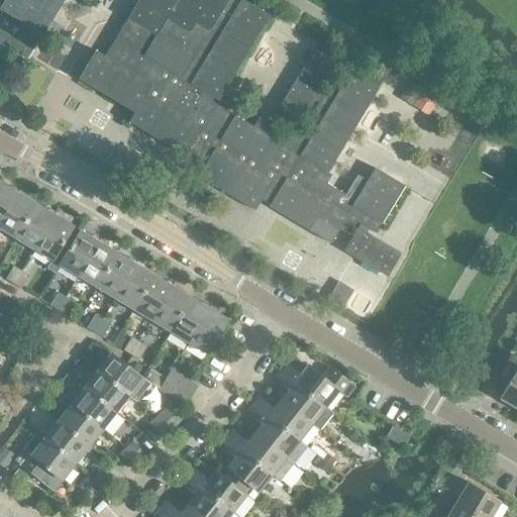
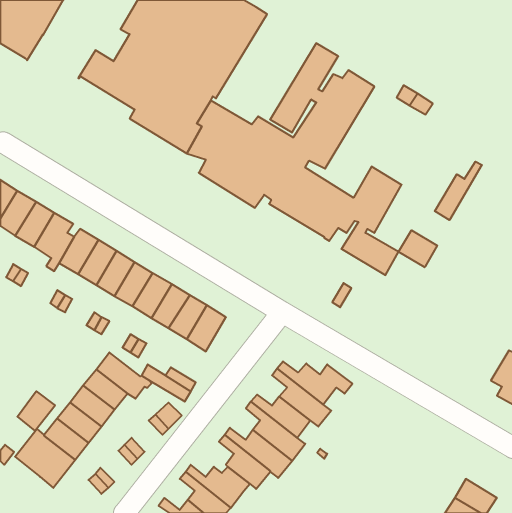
building: none -> [435,162,482,220]
building: none -> [399,230,437,267]
building: none -> [17,391,55,431]

